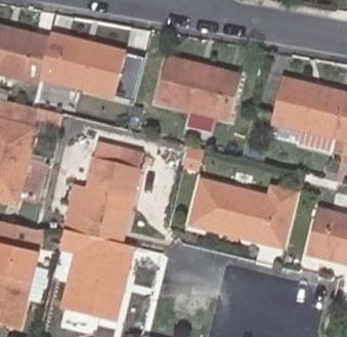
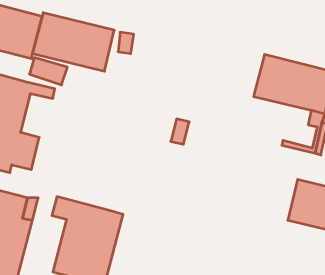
building: [156,56,241,119] -> none
building: [66,142,139,242] -> none
building: [188,180,301,248] -> none

